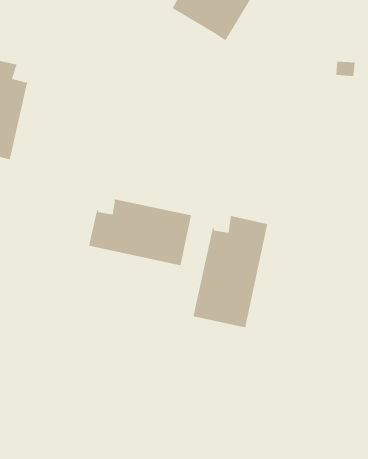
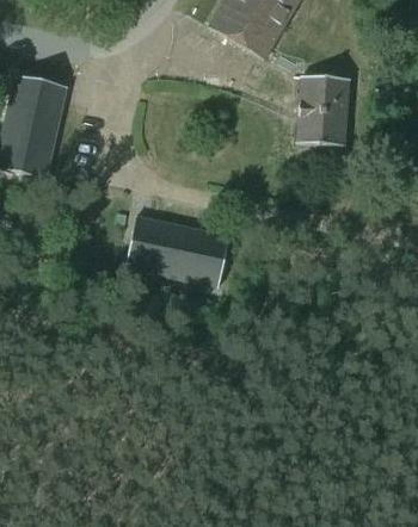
building: none -> [296,73,349,144]
building: [193,215,268,328] -> none

